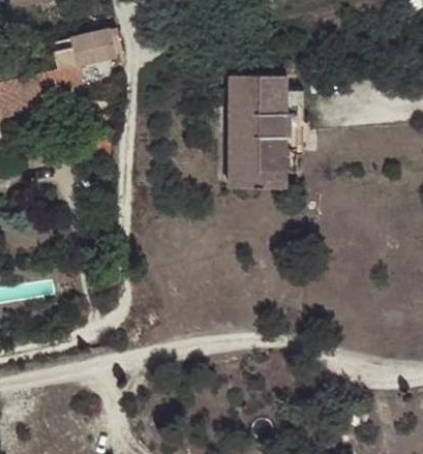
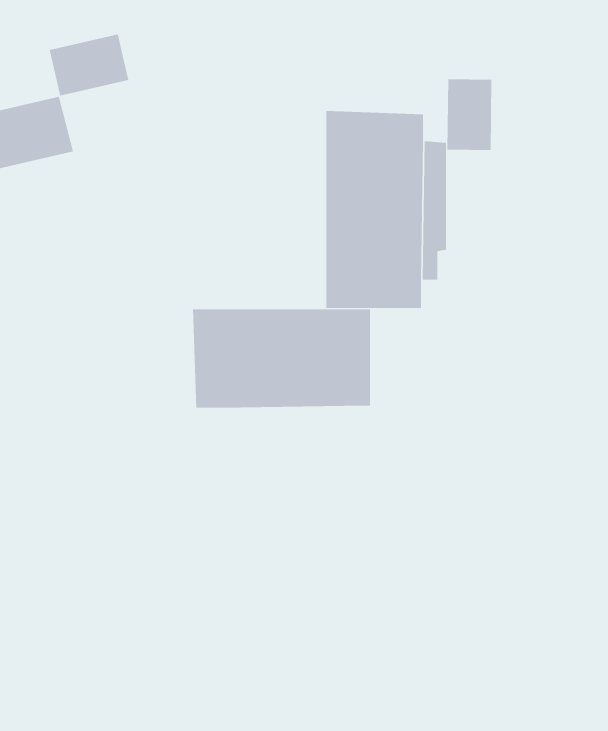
building: none -> [447,78,492,151]
building: none -> [193,309,370,408]

